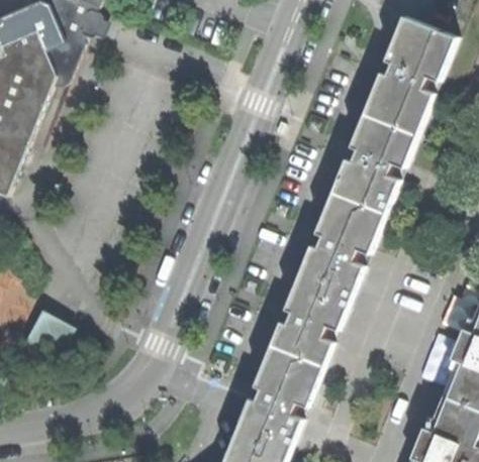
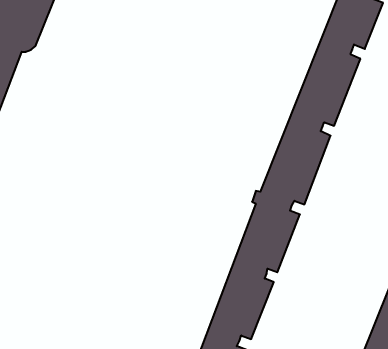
building: [29,310,81,362] -> none

